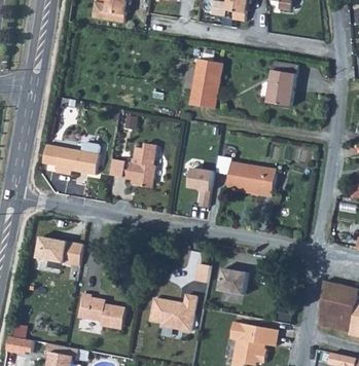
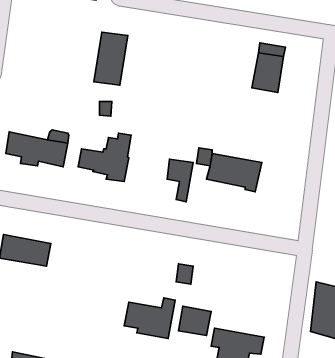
building: [189,60,220,108] -> [94,32,128,85]
building: [217,267,247,294] -> [178,306,211,335]
building: [77,293,124,329] -> none

